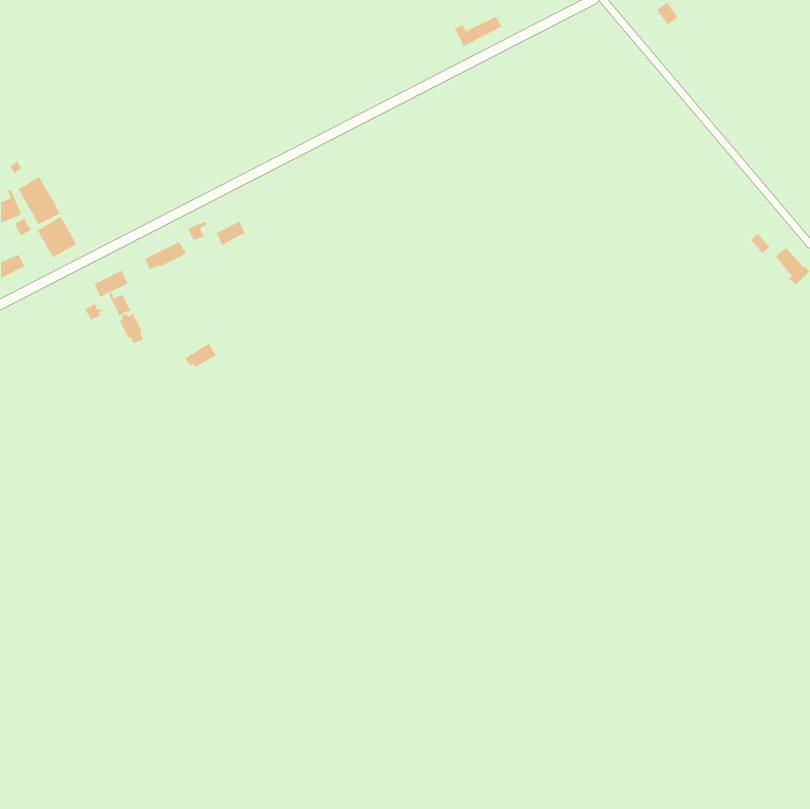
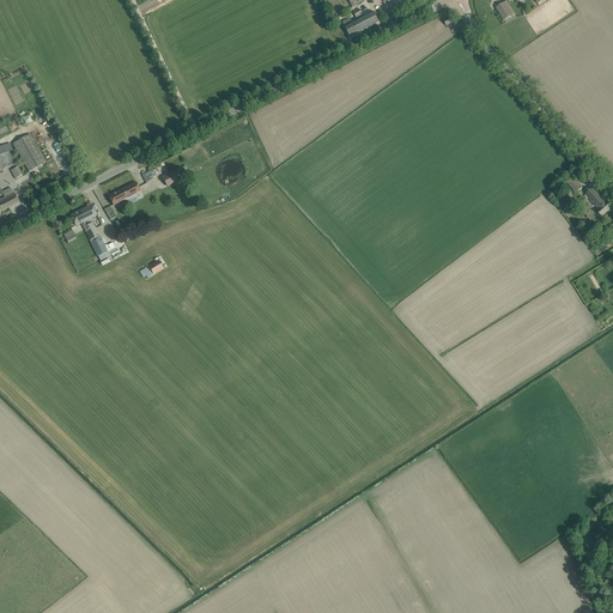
building: [37,216,77,258] -> none

